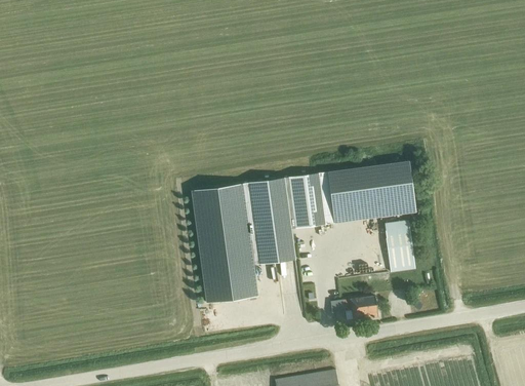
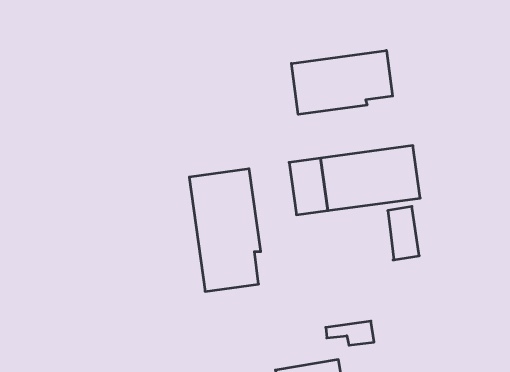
building: none -> [291,50,393,114]
building: [249,177,296,264] -> none
building: [331,296,378,319] -> [326,321,374,345]

